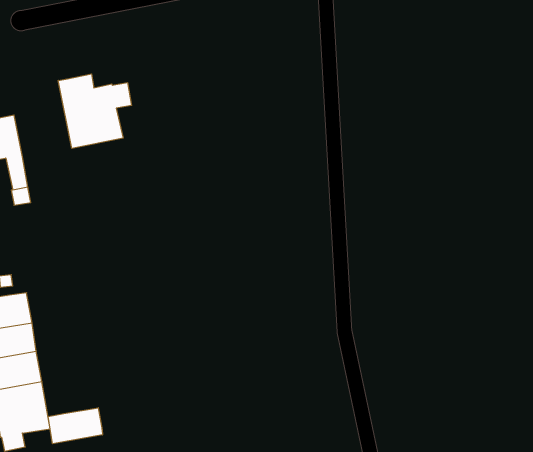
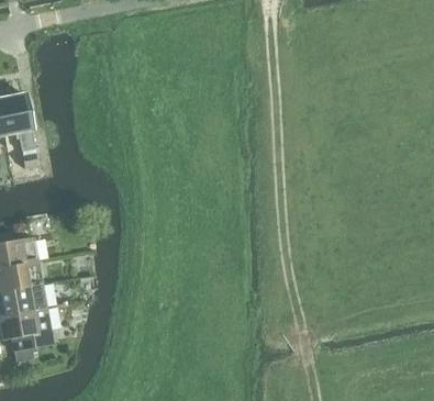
building: [58,74,132,148] -> none
building: [48,408,102,444] -> none

